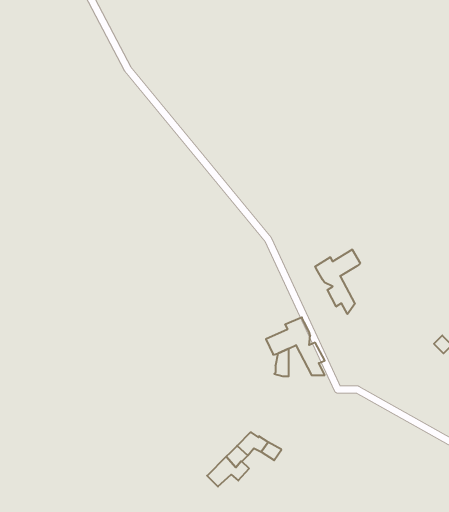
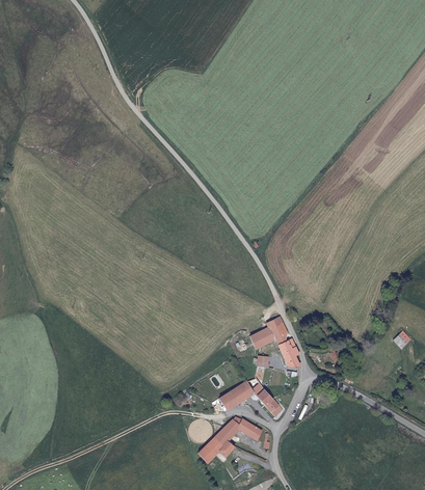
building: [315,249,360,314] -> none
building: none -> [219,378,284,417]

